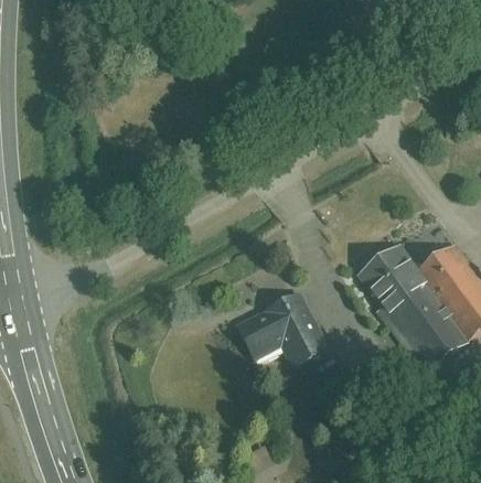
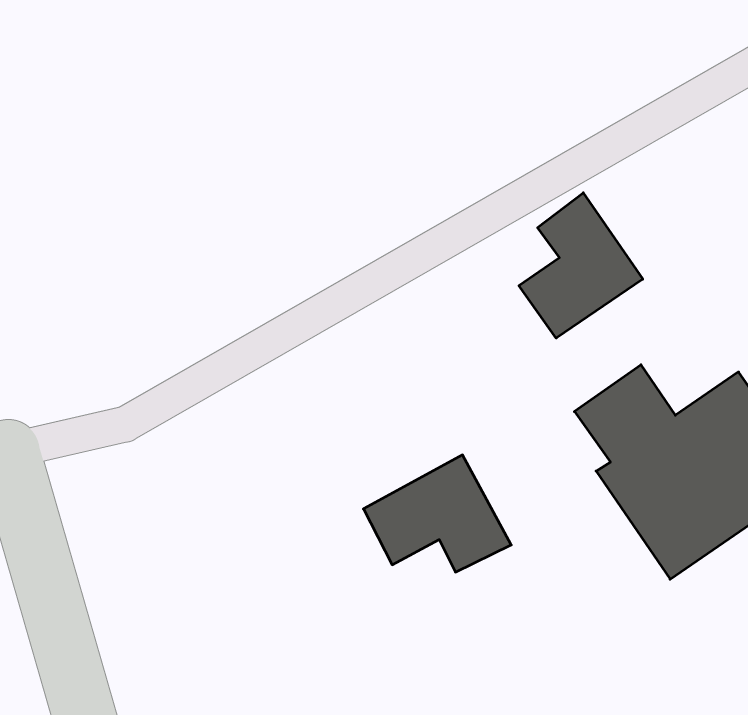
building: none -> [519,193,643,338]

